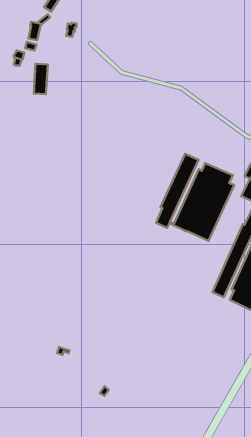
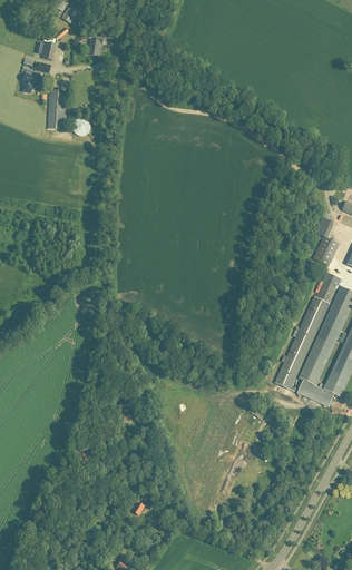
building: [156,154,234,241] -> none

